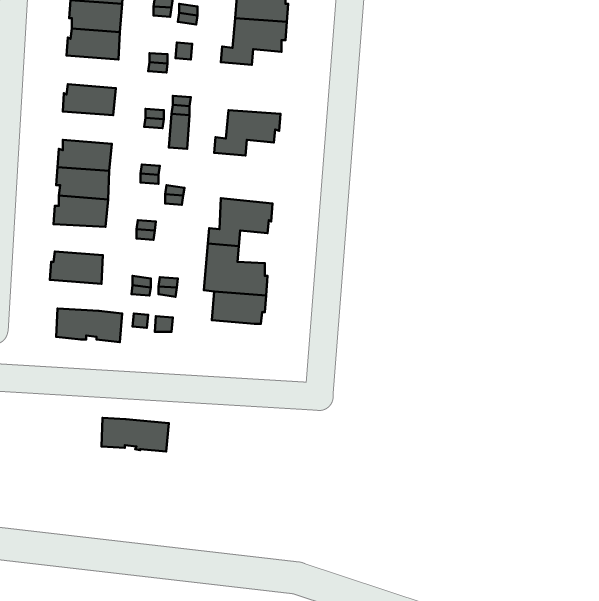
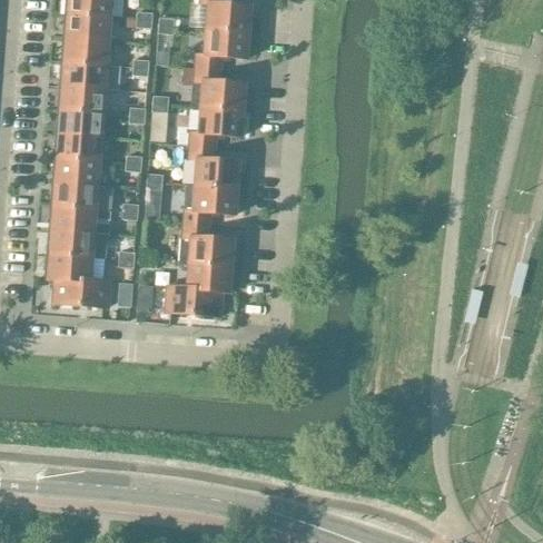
building: none -> [61,61,107,89]
building: none -> [192,67,247,111]
building: none -> [58,109,102,137]
building: none -> [188,145,240,188]
building: none -> [50,206,96,233]
building: none -> [46,254,92,280]
building: [101,418,169,452] -> [166,287,224,316]

